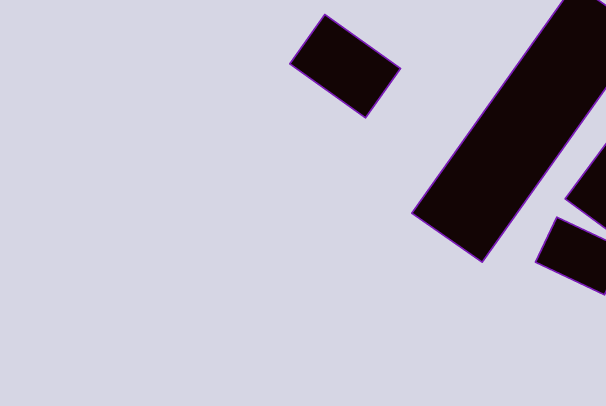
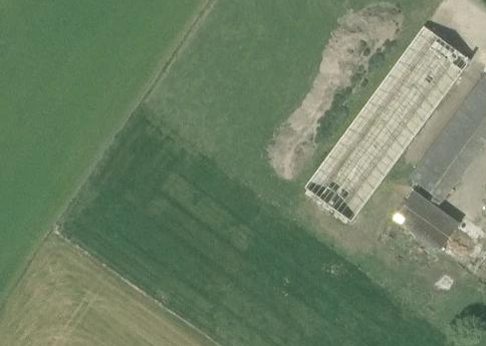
building: [290,15,400,118] -> none

